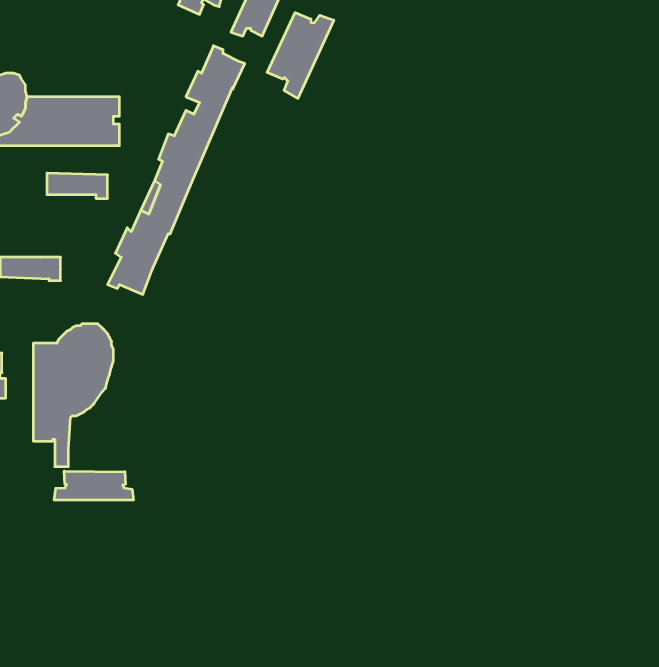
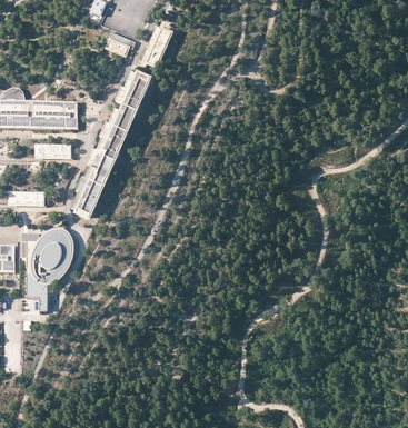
building: [267,13,334,98] -> none
building: [54,471,133,500] -> none

